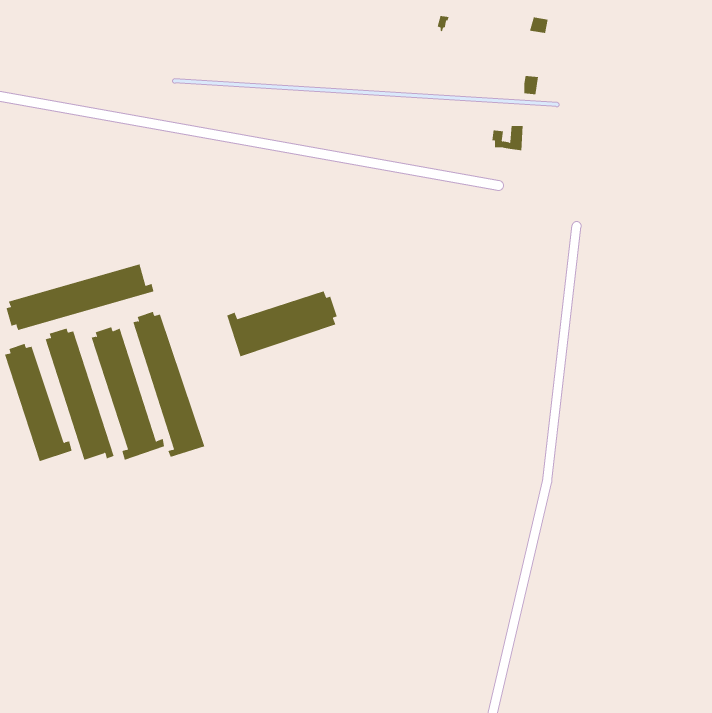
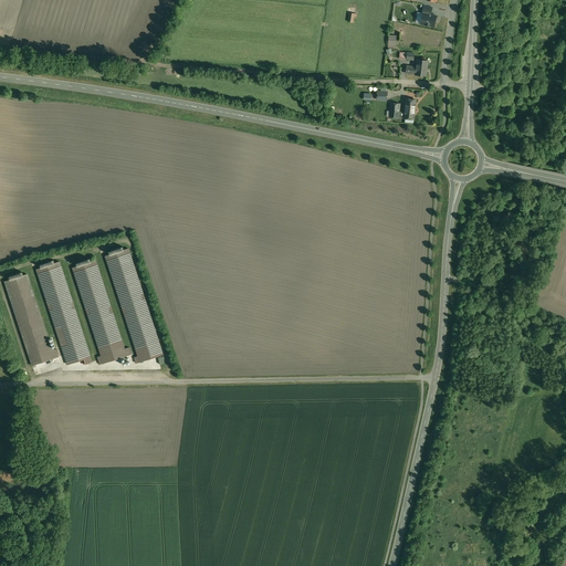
building: [6,263,154,331] -> none
building: [226,290,337,357] -> none

